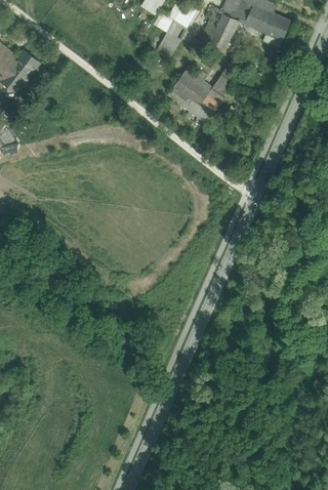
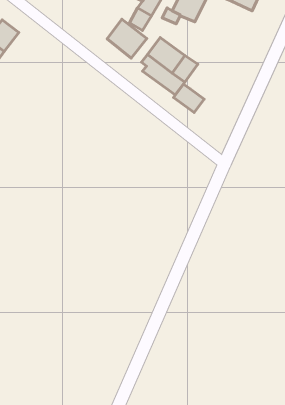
building: none -> [107,19,147,58]
building: none -> [173,84,204,113]

